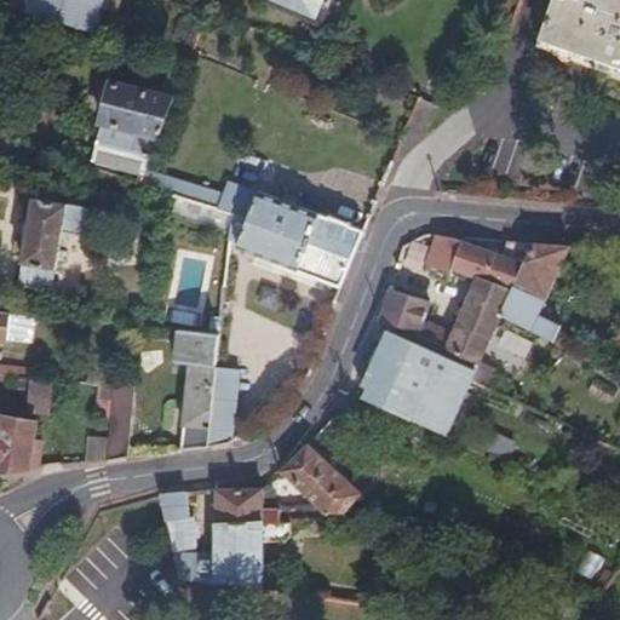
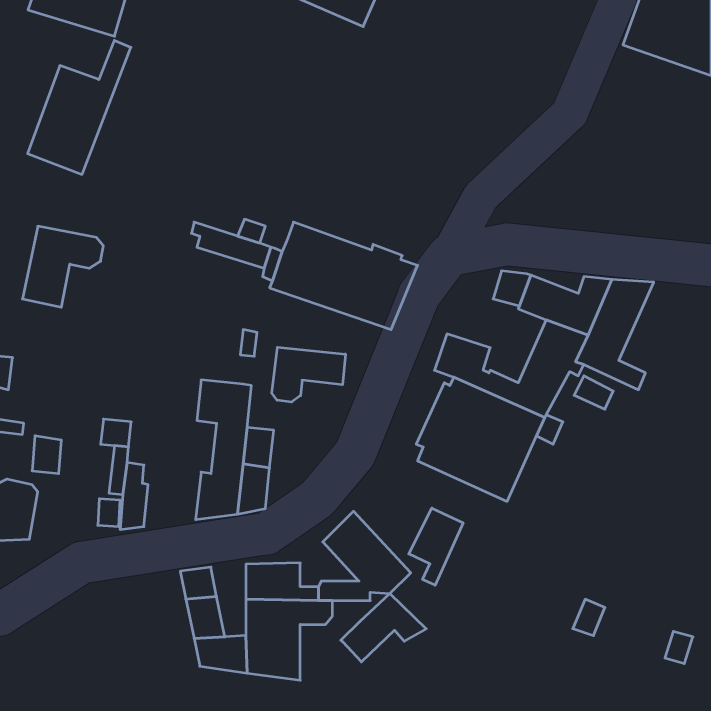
building: [96,56,185,172] -> [28,40,131,174]
building: none -> [272,347,345,402]
building: none -> [409,508,463,585]
building: none -> [341,594,426,662]

